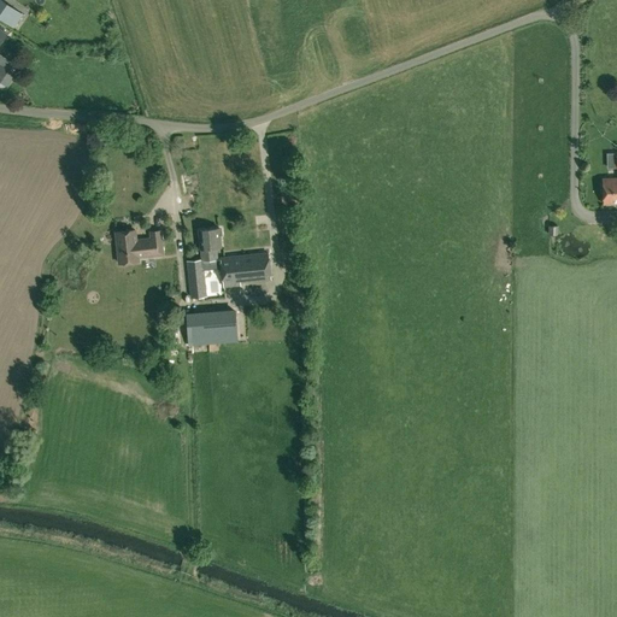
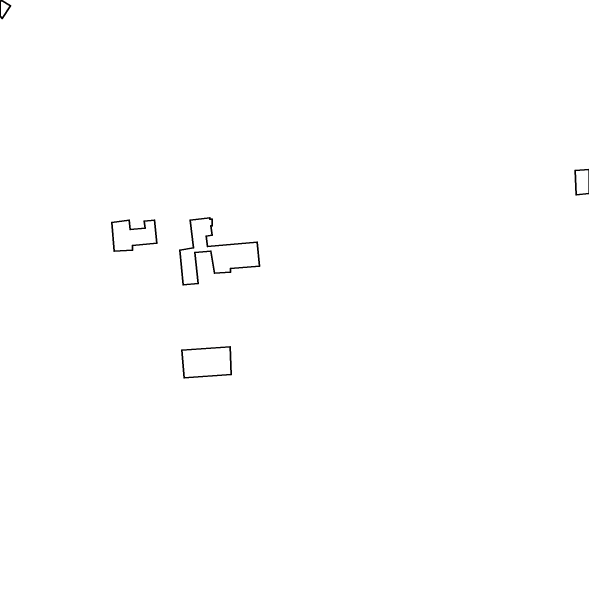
building: [186,312,237,345] -> [182,347,231,378]

